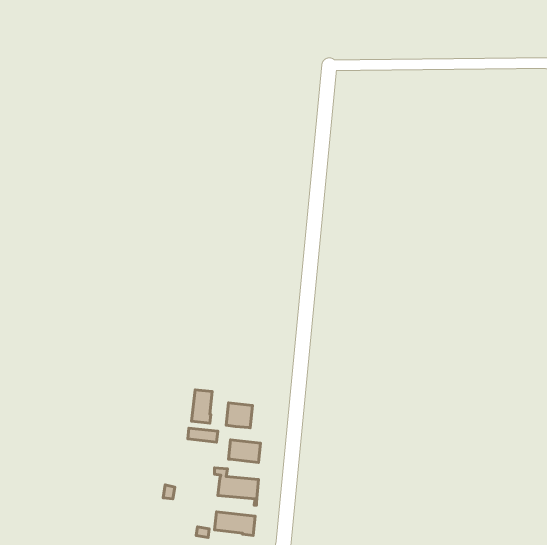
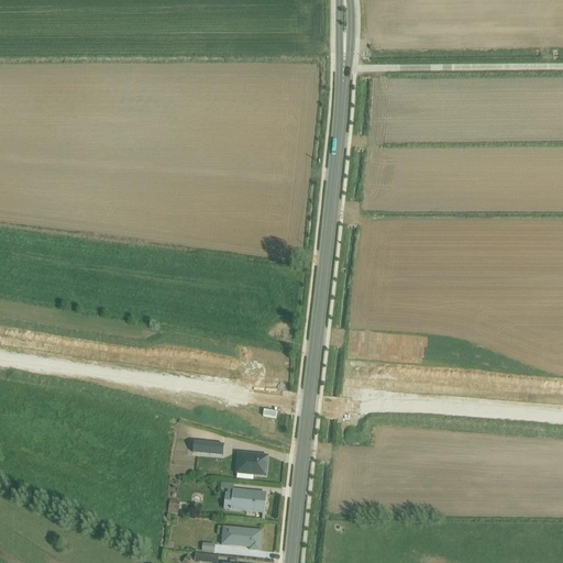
building: [192,390,212,423] -> none
building: [226,403,253,428] -> none

